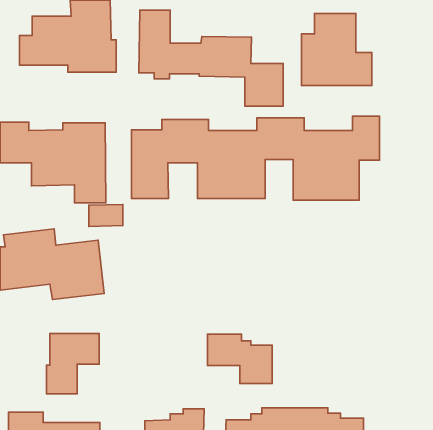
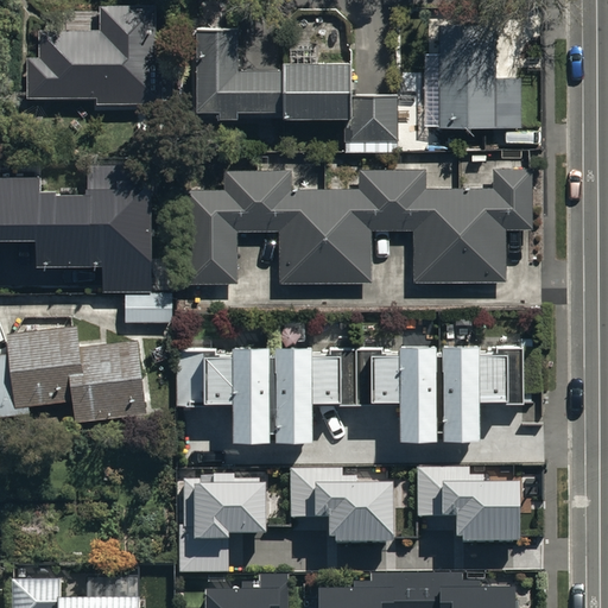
building: none -> [177,346,524,442]
building: [47,334,99,394] -> [180,486,254,570]
building: none -> [418,474,508,543]

